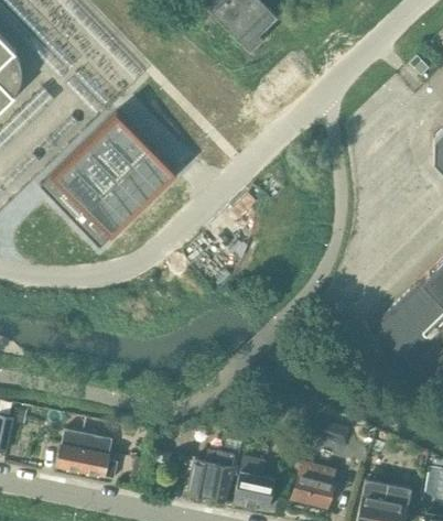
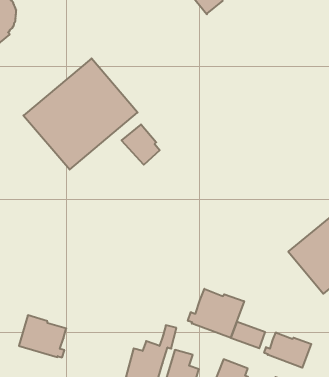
building: none -> [122,124,160,165]
building: none -> [188,289,244,338]
building: none -> [264,332,311,368]

